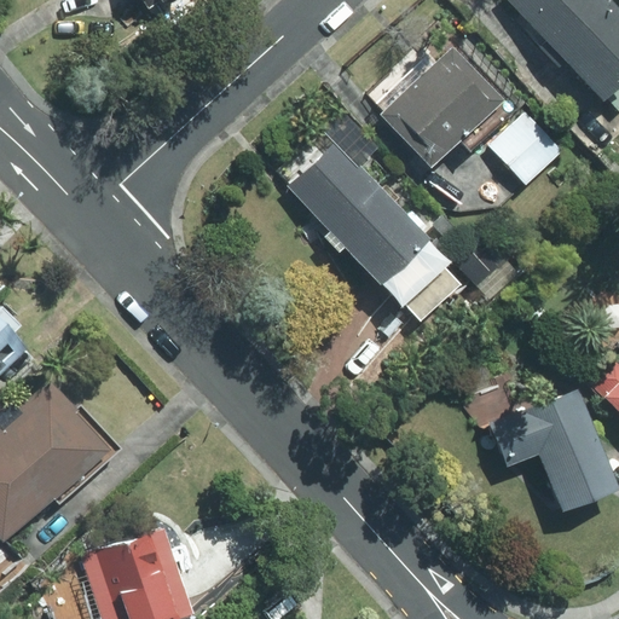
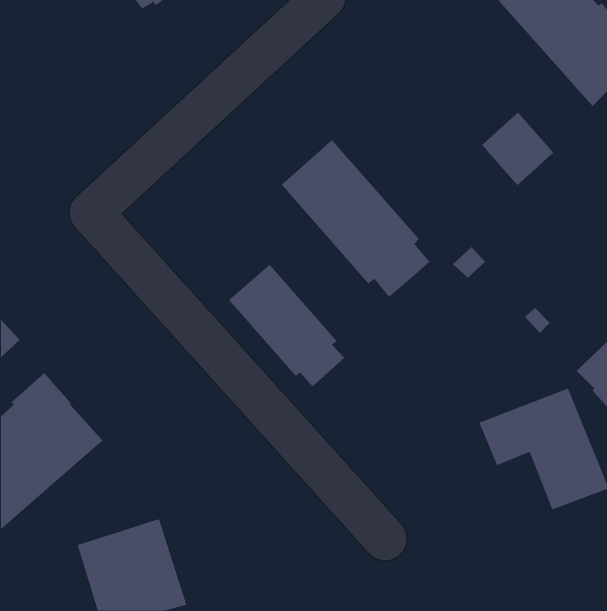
building: [381,51,505,174] -> none
building: none -> [228,264,345,387]

